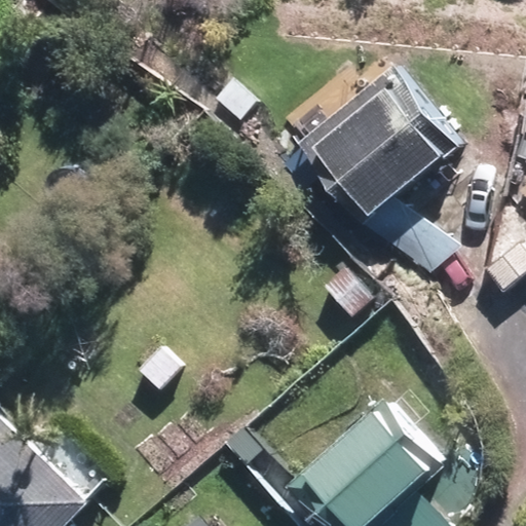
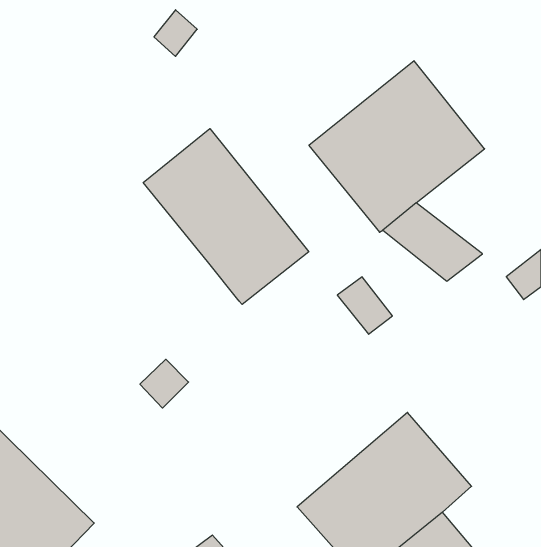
building: none -> [143,129,309,304]

